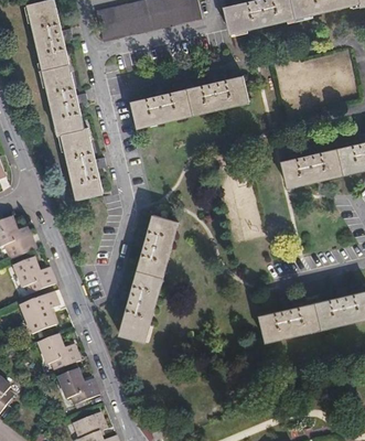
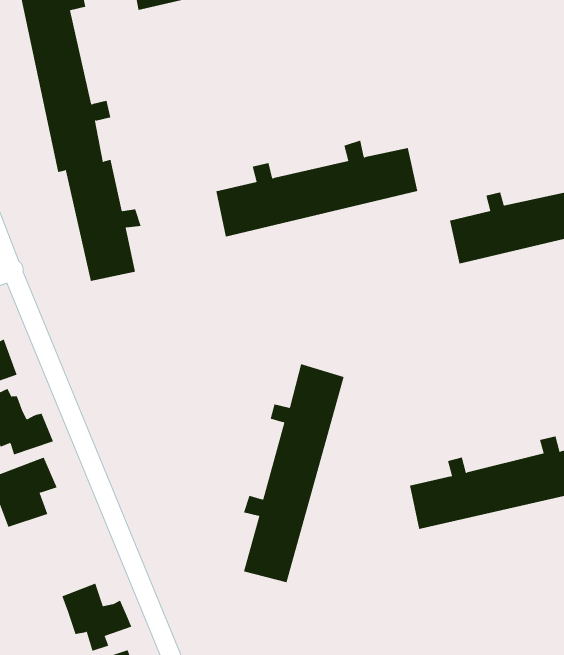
building: [131,73,248,129] -> [216,140,418,237]
building: [119,213,178,340] -> [243,364,344,583]
building: [40,338,79,375] -> none

